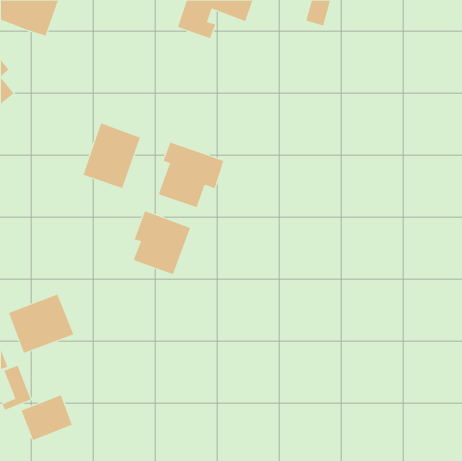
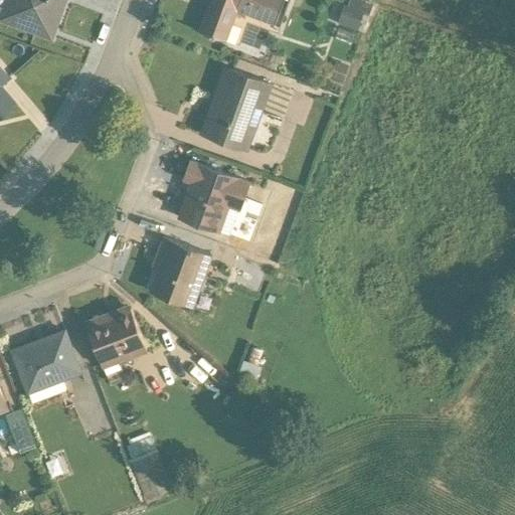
building: none -> [200,67,272,150]
building: [83,123,140,189] -> none
building: none -> [83,304,147,381]
building: [21,394,73,441] -> none

